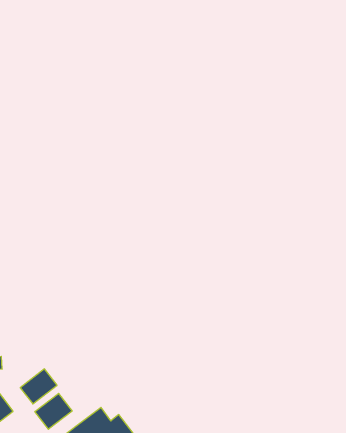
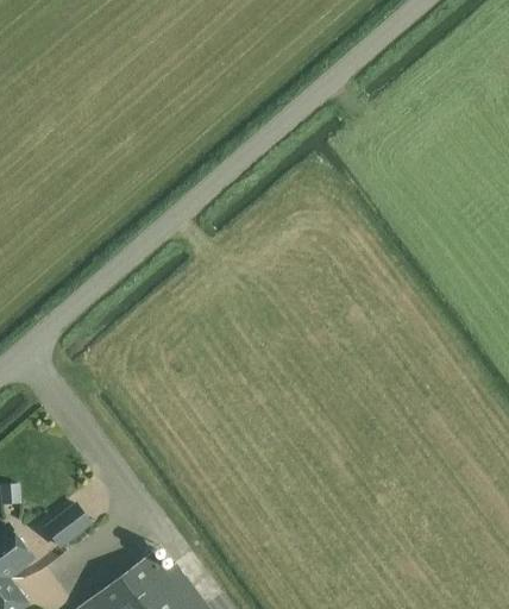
building: [35,393,72,429] -> none

